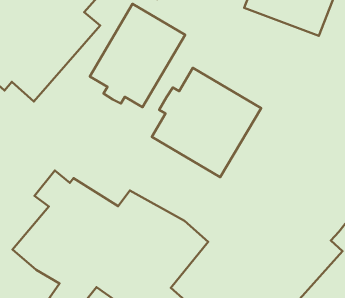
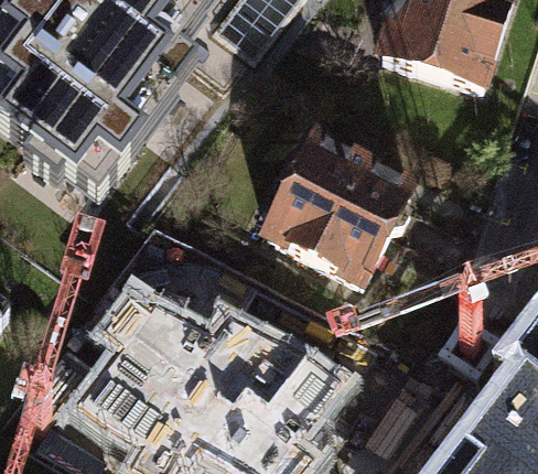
building: [90,4,185,107] -> none

